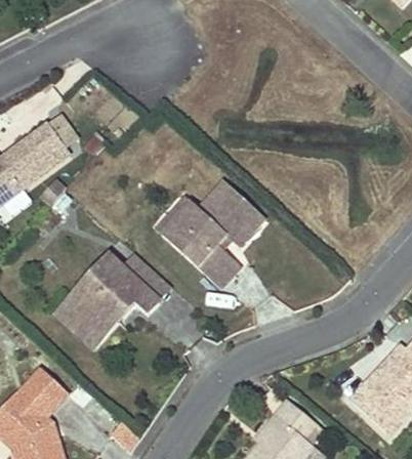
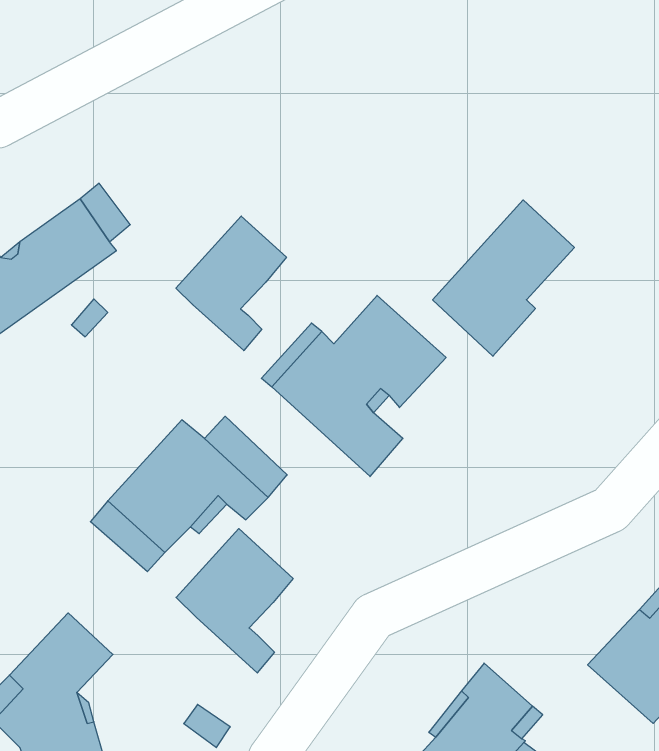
building: none -> [433,200,574,356]
building: none -> [176,216,286,351]
building: none -> [176,529,293,673]

